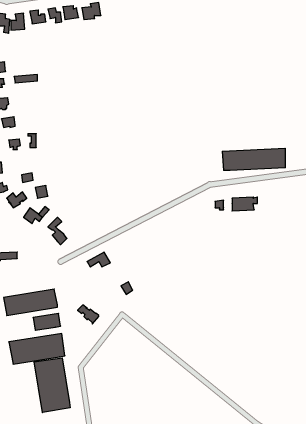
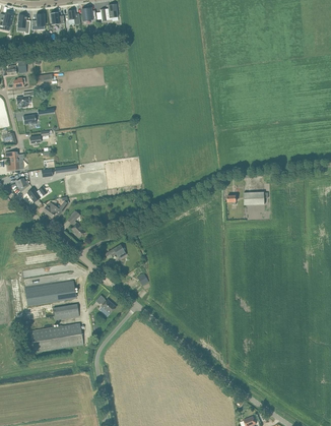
building: [222,148,285,170] -> none
building: [34,358,70,413] -> none

